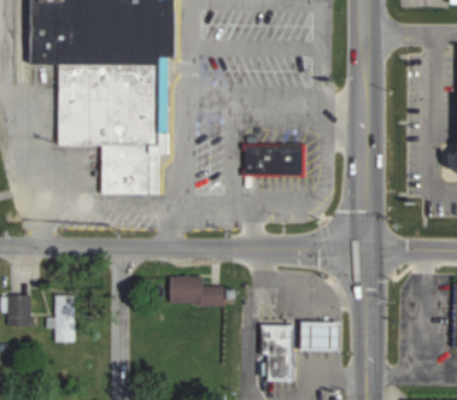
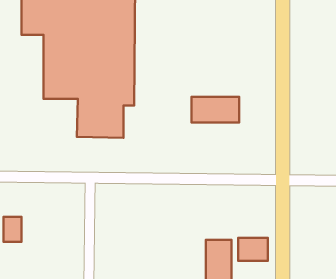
building: [168,276,223,305] -> none
building: [52,295,74,343] -> none

